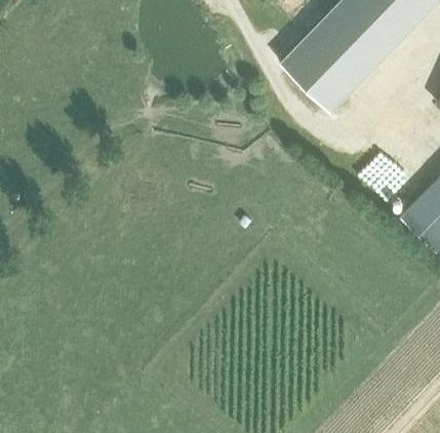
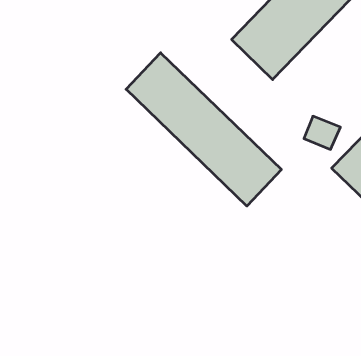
building: none -> [126,53,281,206]

